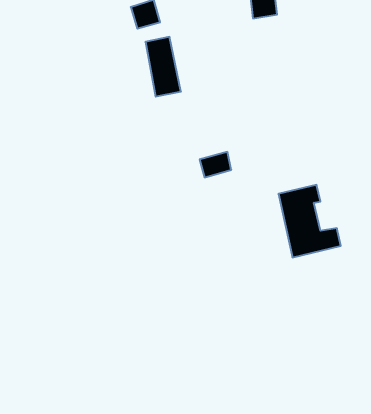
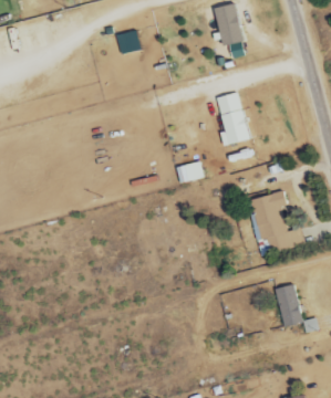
building: [145,37,181,97] -> [218,92,249,144]
building: none -> [269,282,298,325]

